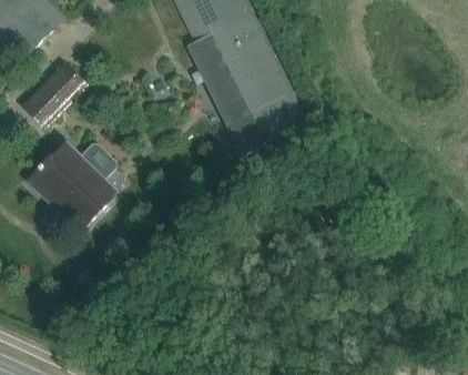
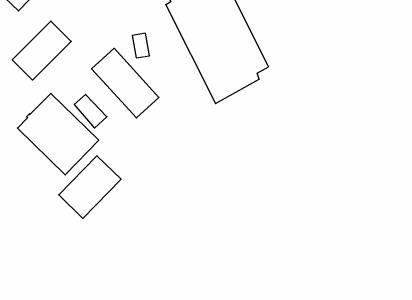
building: none -> [92,48,159,118]
building: none -> [59,156,121,218]

